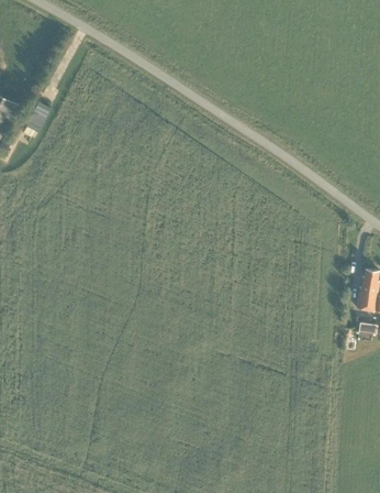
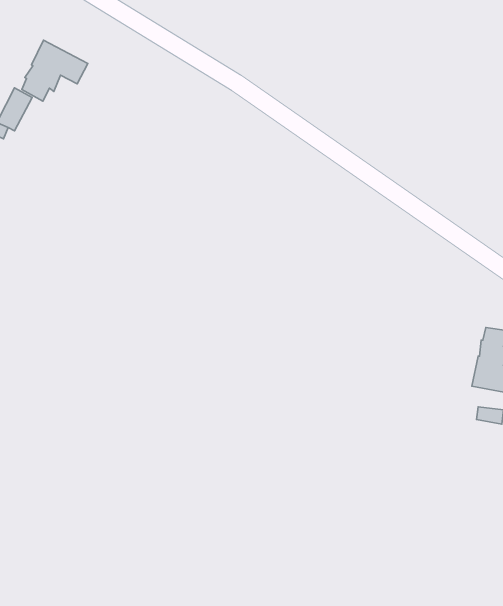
building: none -> [22,40,88,101]

